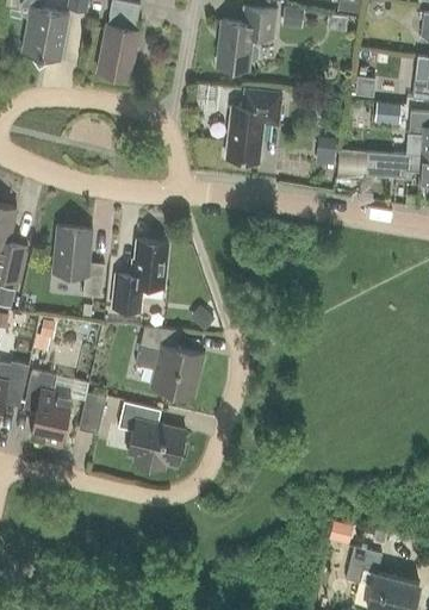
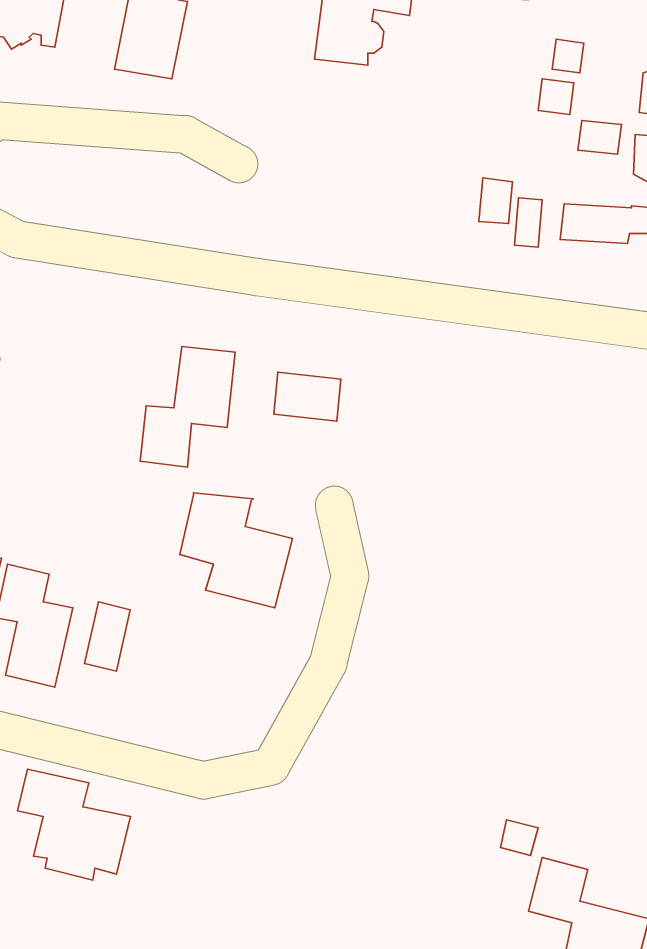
building: [225,88,282,162] -> none
building: [52,225,105,297] -> none
building: none -> [274,372,341,421]
building: [118,402,186,468] -> [18,769,130,880]

